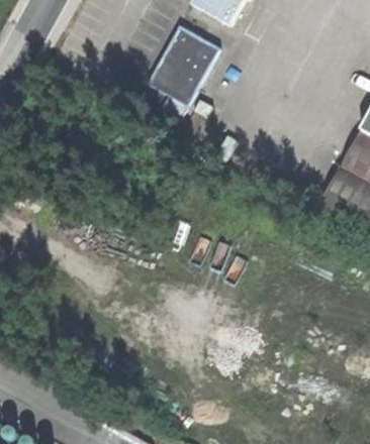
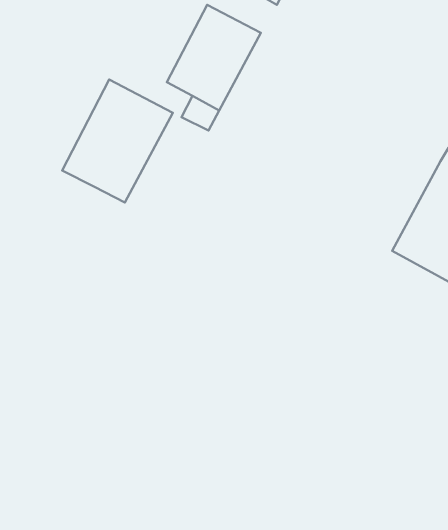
building: none -> [62,79,173,203]

